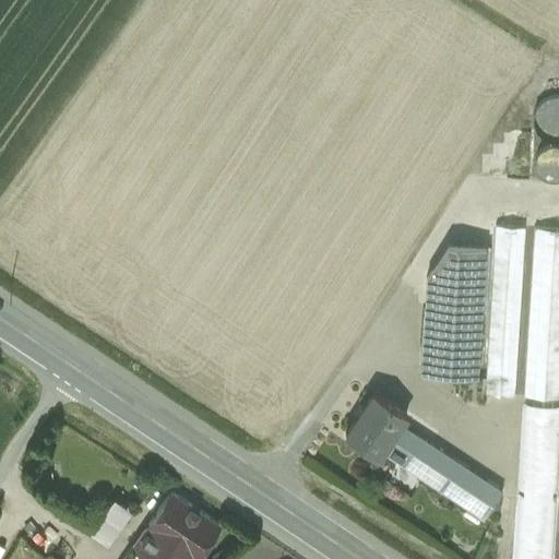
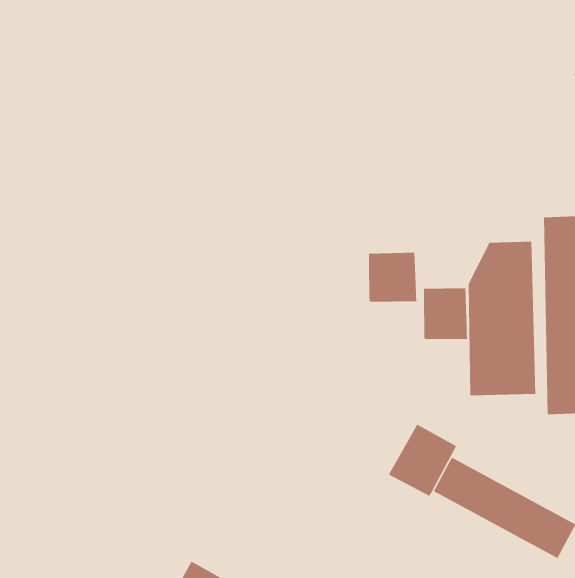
building: none -> [368,252,417,302]
building: none -> [423,287,468,340]

